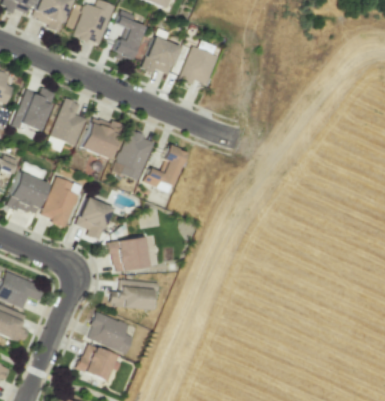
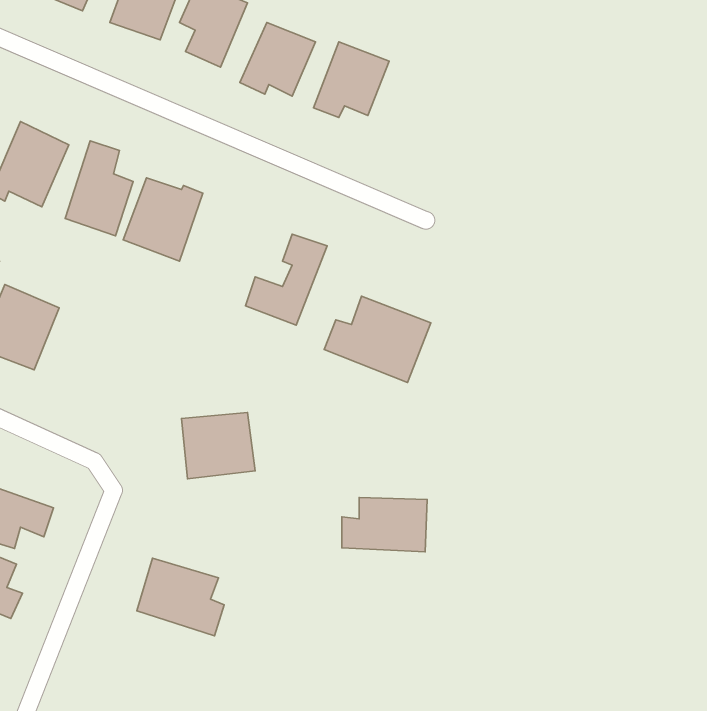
building: [117,130,155,180] -> none
building: [42,176,82,226] -> none
building: none -> [324,296,431,382]
building: [77,198,112,239] -> none
building: [111,280,155,308] -> [342,497,427,552]
building: [77,343,116,380] -> none

